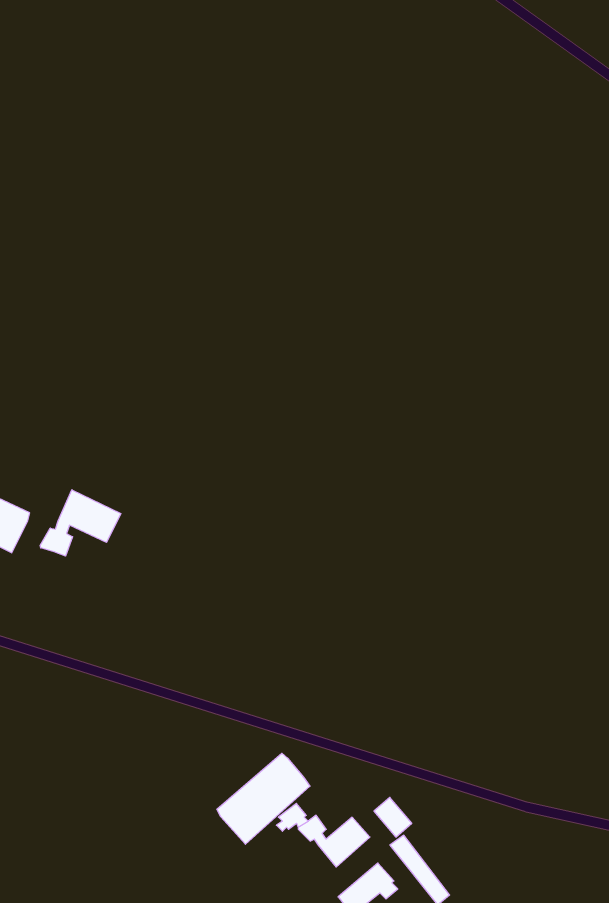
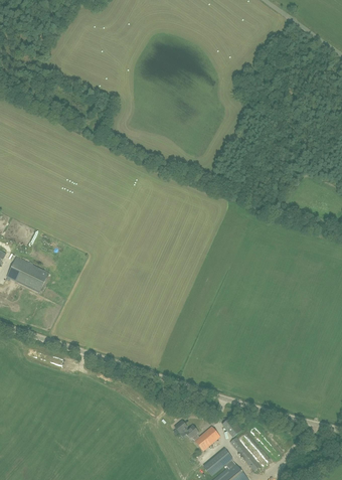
building: [40,490,121,556] -> none
building: [217,753,310,844] -> none

